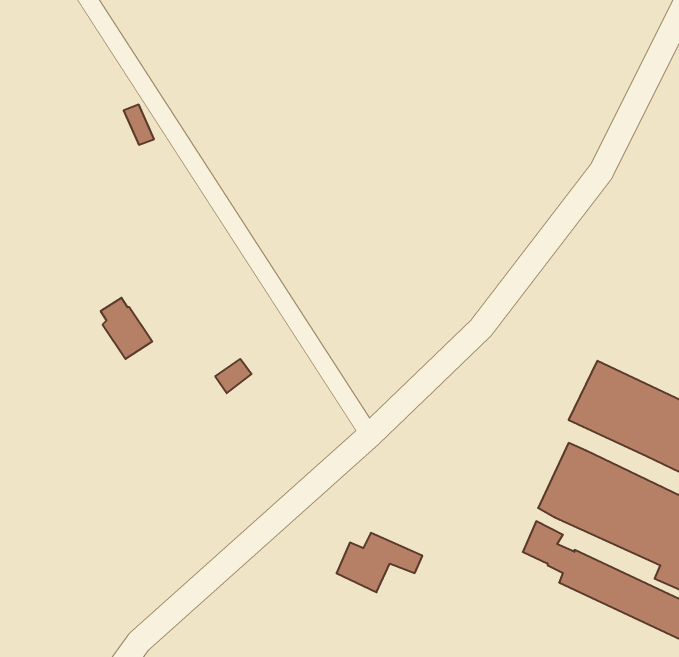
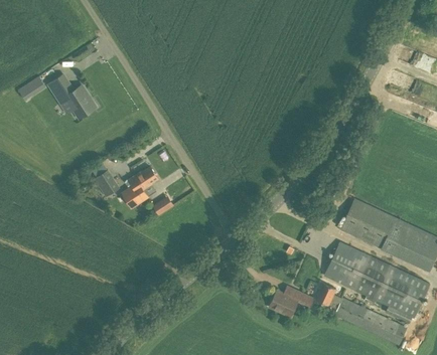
building: none -> [49,74,96,118]
building: none -> [123,167,158,207]
building: [336,533,422,592] -> [269,286,314,317]

